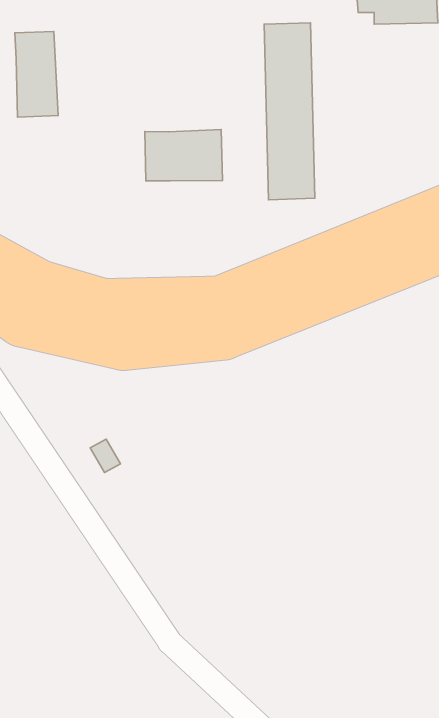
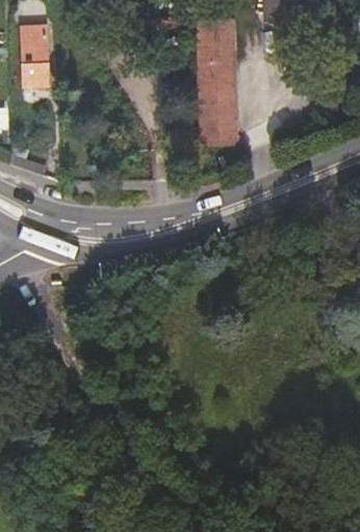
building: [145,130,223,181] -> none

